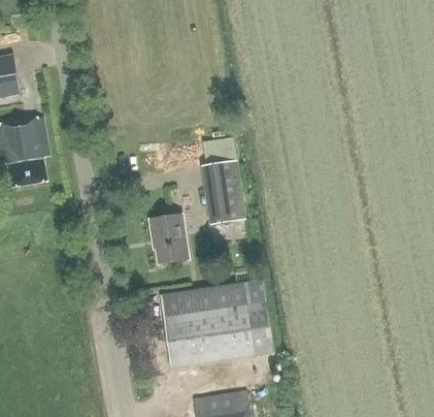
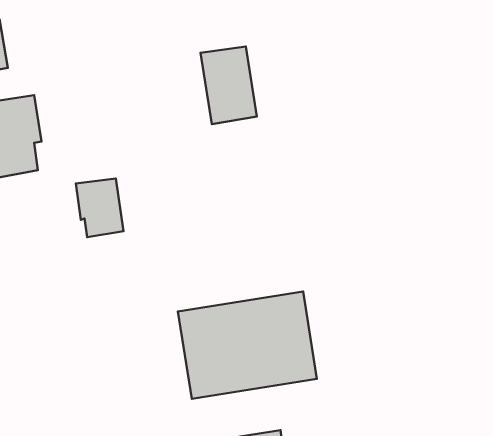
building: [201,160,247,224] -> [201,47,257,124]
building: [148,214,188,262] -> [76,179,123,237]

